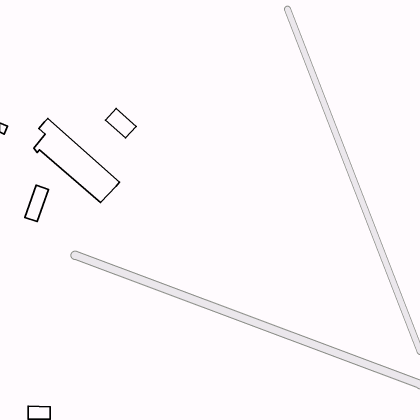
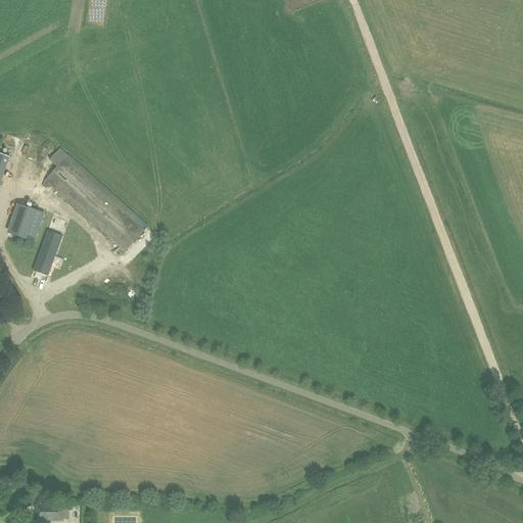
building: [106,109,136,138] -> none
building: none -> [7,203,44,241]

